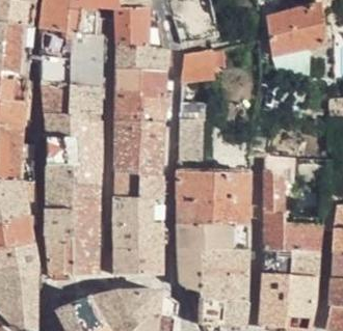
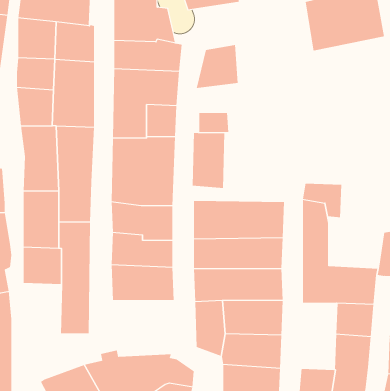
building: [45,236,75,275] -> none
building: [113,249,163,275] -> none
building: [262,251,290,303] -> none

